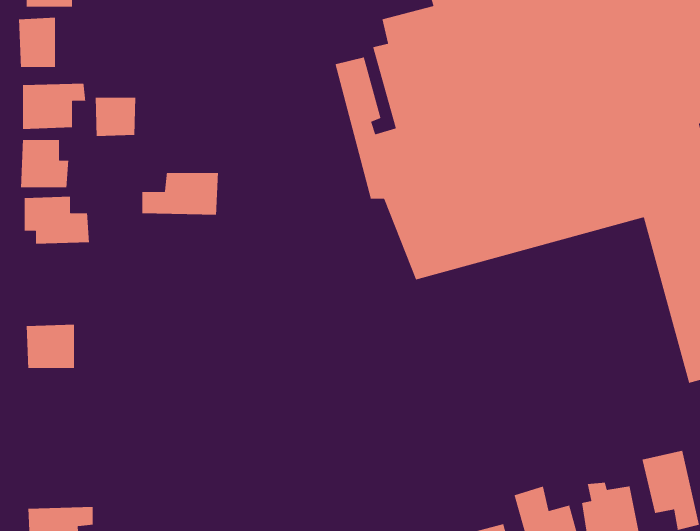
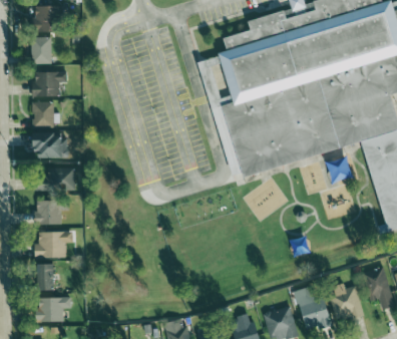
building: [95,97,136,137] -> none
building: [142,172,219,216] -> [34,167,75,191]
building: none -> [34,231,72,258]
building: none -> [37,264,54,290]

